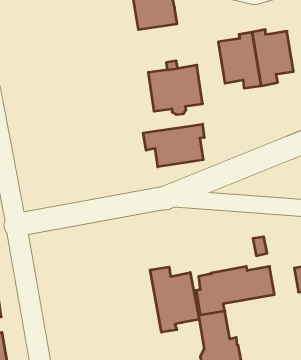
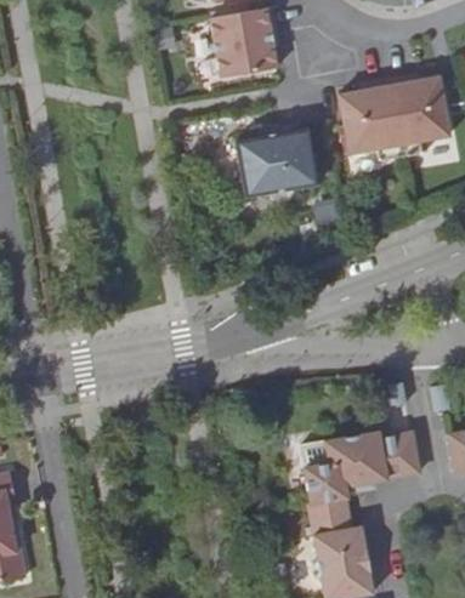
building: [143,124,204,167] -> none
building: [150,267,199,332] -> none

